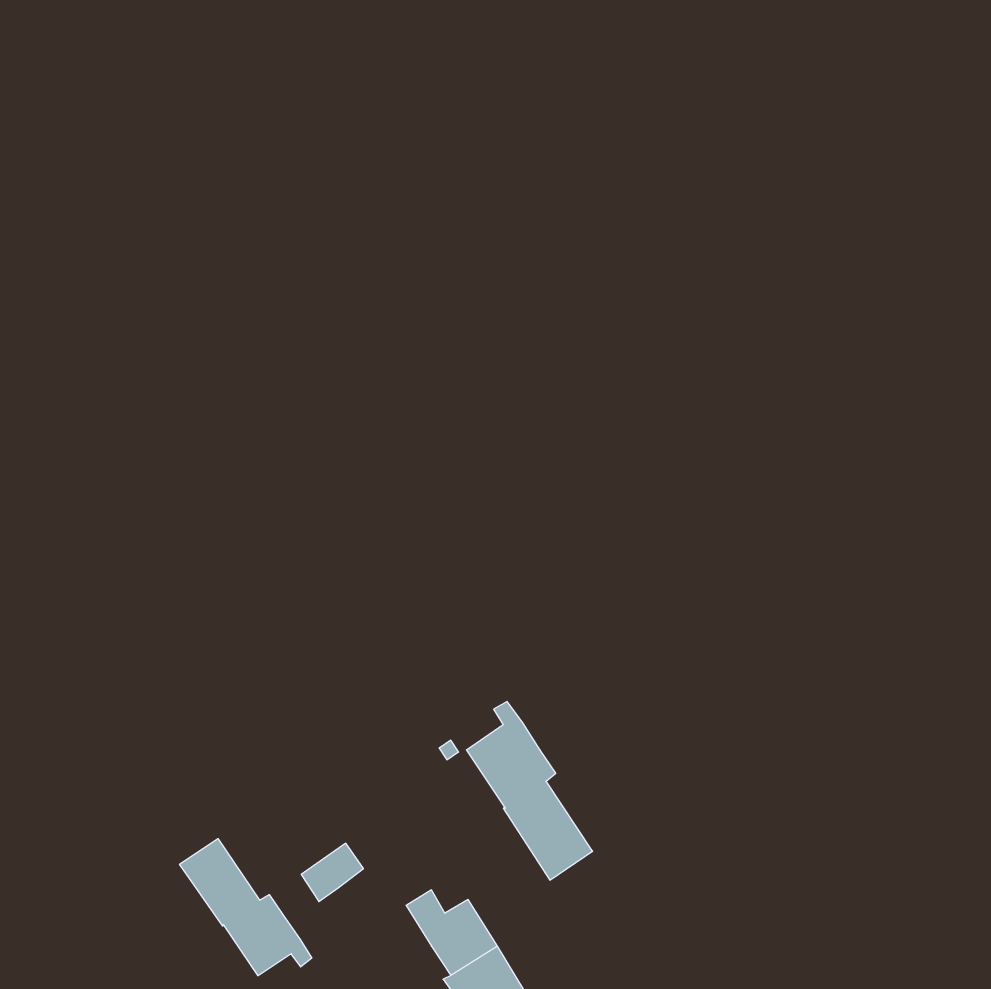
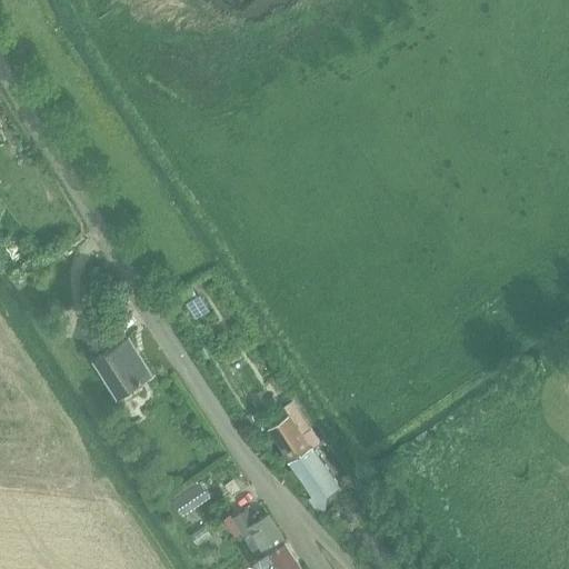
building: none -> [96,340,150,397]
building: [180,839,312,976] -> none

